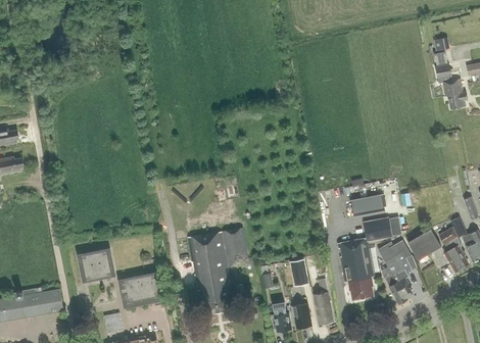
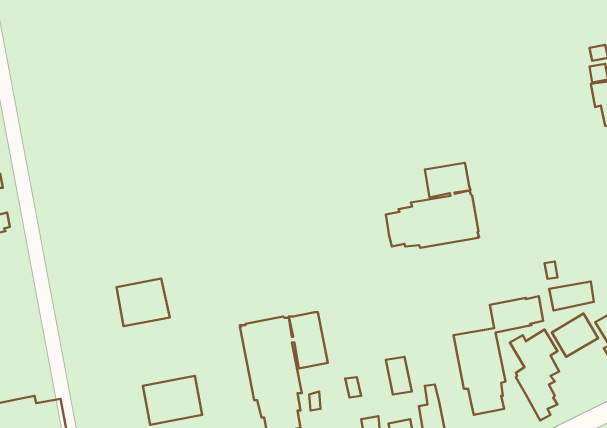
building: none -> [386,163,479,248]
building: [351,195,383,215] -> [549,281,594,310]
building: [78,248,115,282] -> [116,279,170,326]

